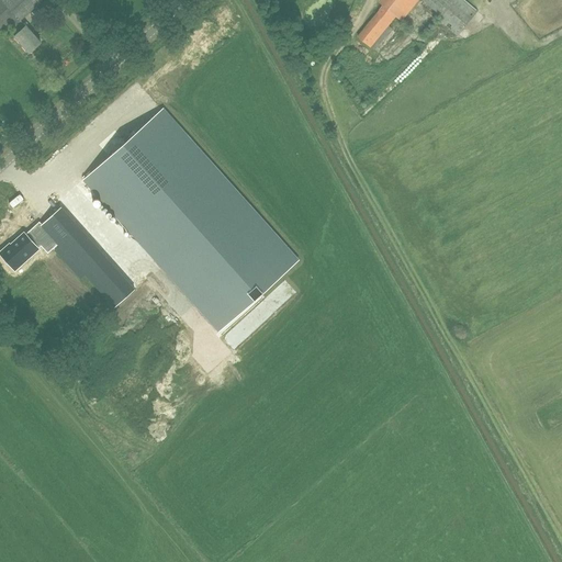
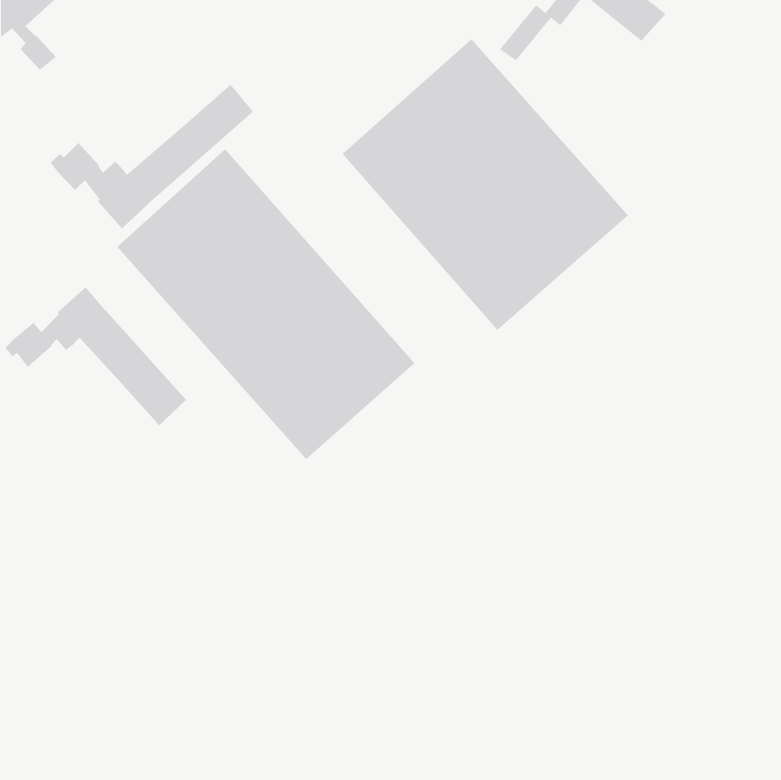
building: none -> [342,38,629,331]
building: none -> [50,84,254,229]

